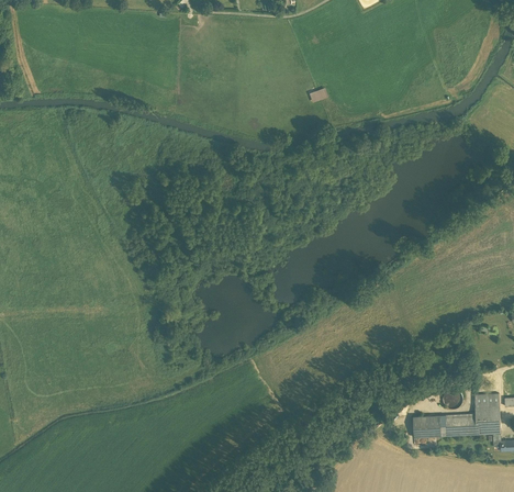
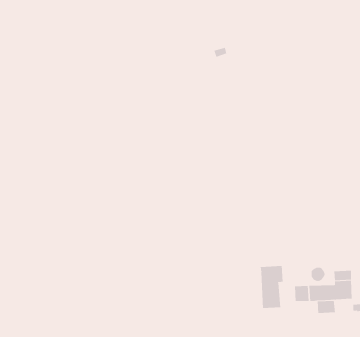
building: none -> [260,265,283,309]
building: none -> [317,300,336,314]

